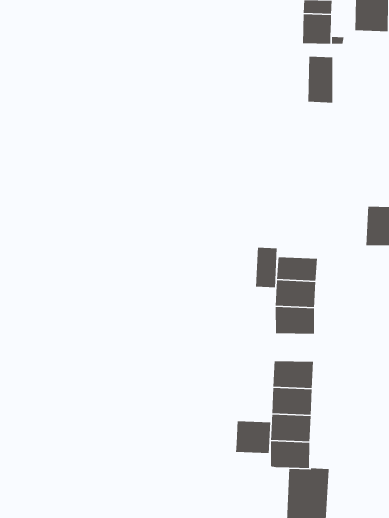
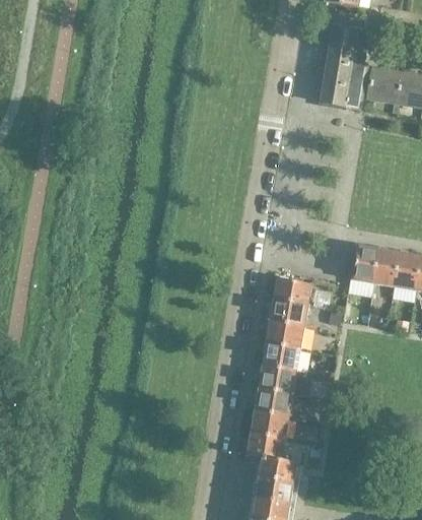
building: [307,56,333,104] -> none
building: [255,247,278,288] -> none
building: none -> [264,342,301,370]
building: [235,420,271,454] -> none

